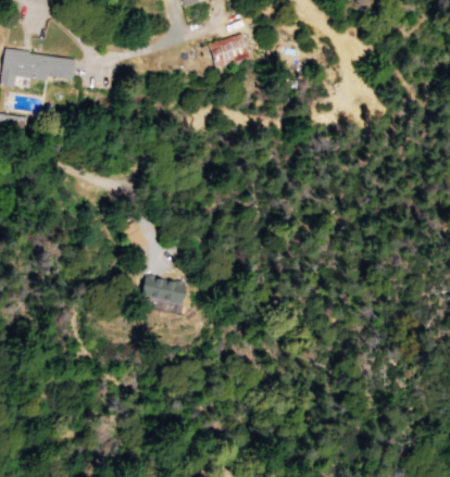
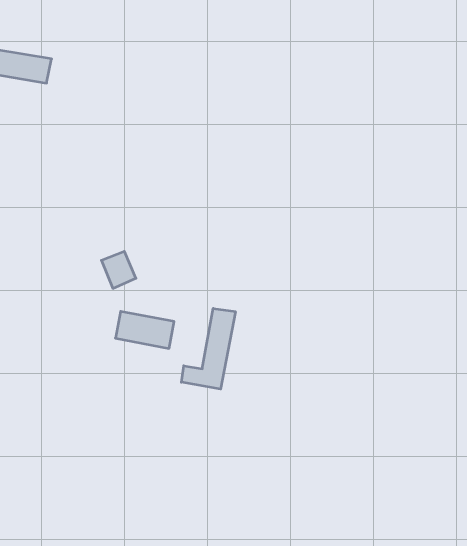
building: [208,35,248,68] -> none
building: none -> [181,308,235,389]

